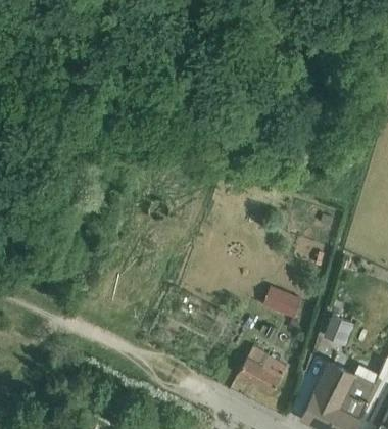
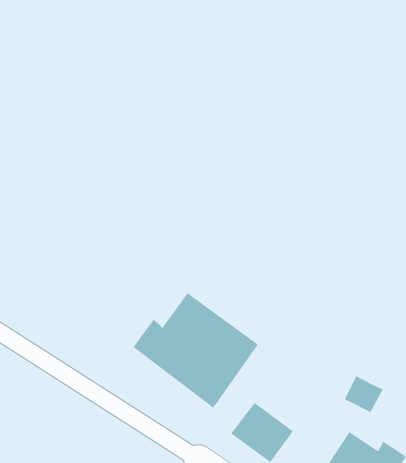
building: none -> [133,292,259,409]
building: [262,287,301,318] -> none

